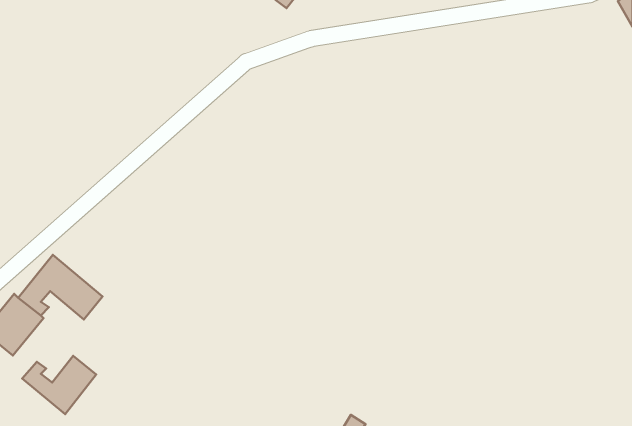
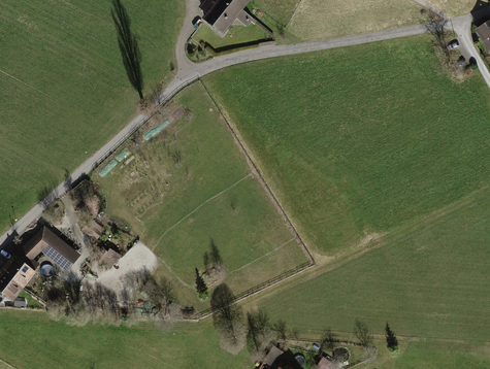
building: [22,356,96,414] -> none

